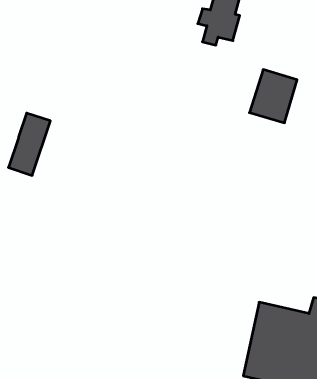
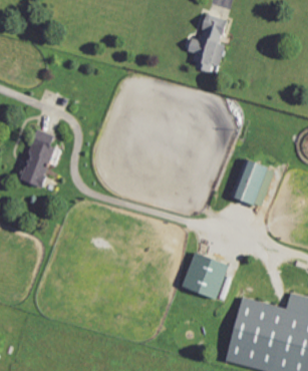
building: [249,70,297,123] -> [229,158,271,206]
building: none -> [183,253,229,298]

